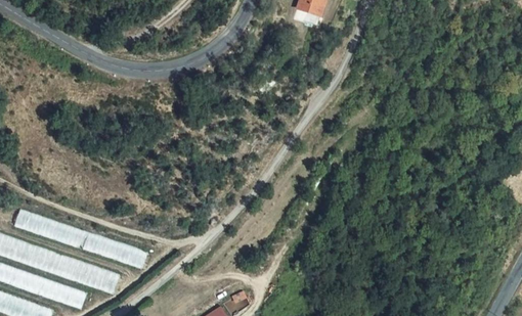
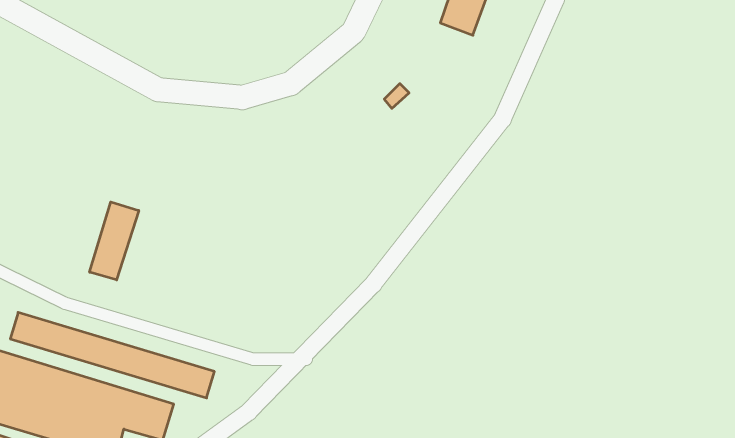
building: none -> [90,202,139,280]

